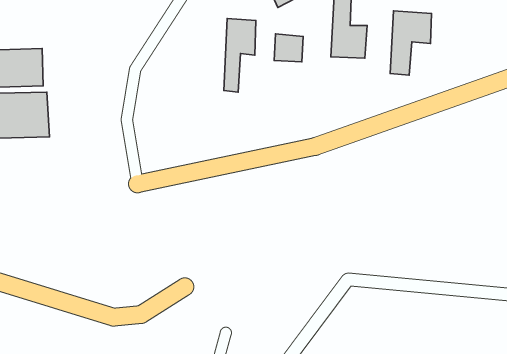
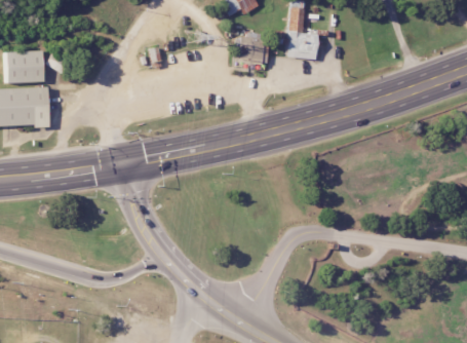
building: [390,11,432,75] -> none
building: [224,18,256,92] -> none

